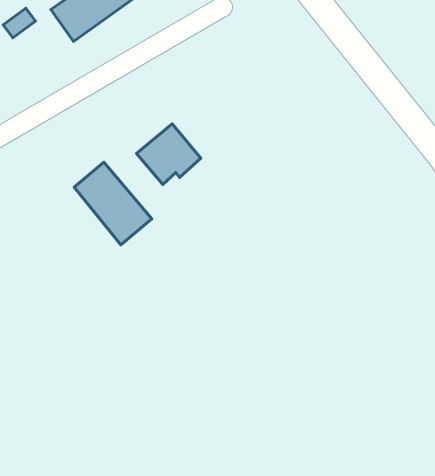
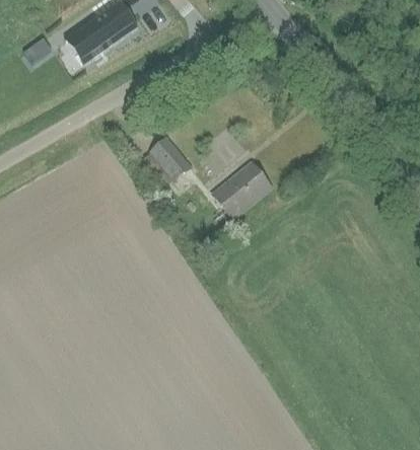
building: none -> [214,162,272,217]
building: [74,162,152,245] -> none

